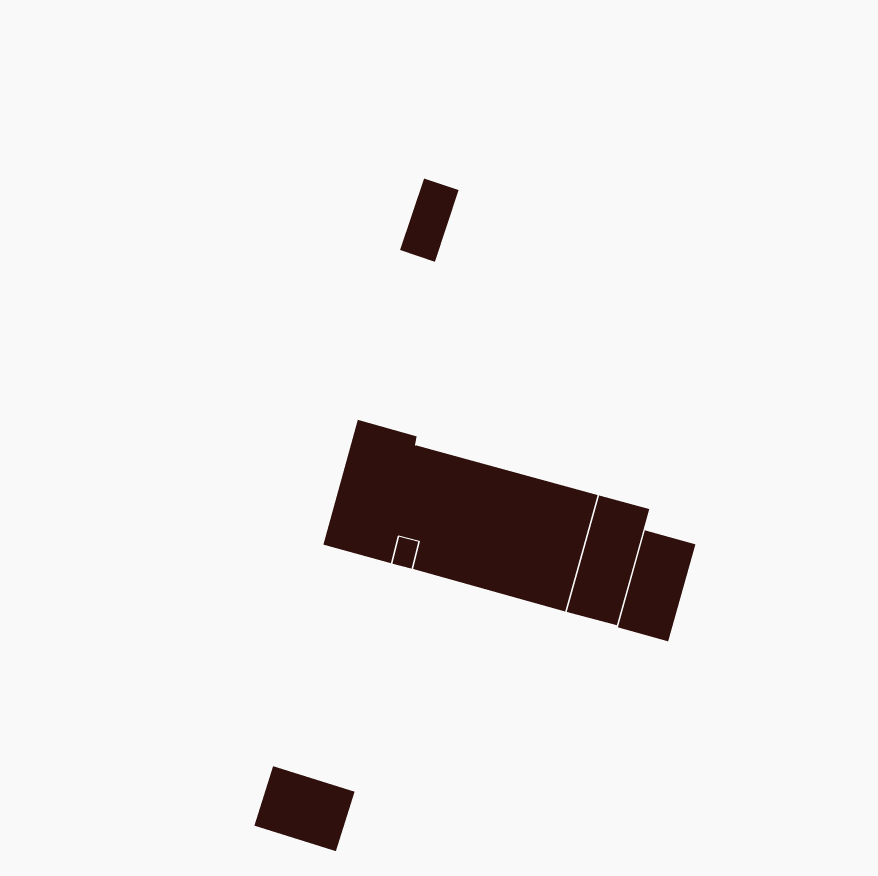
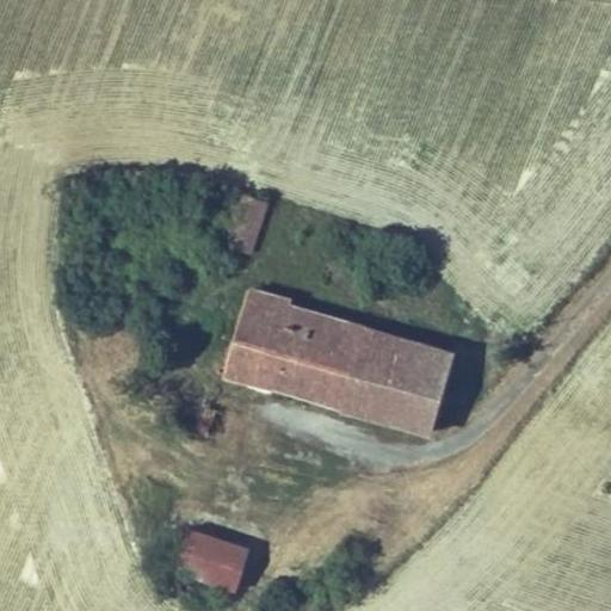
building: [399,178,460,262] -> [228,192,270,251]
building: [617,529,696,642] -> none

